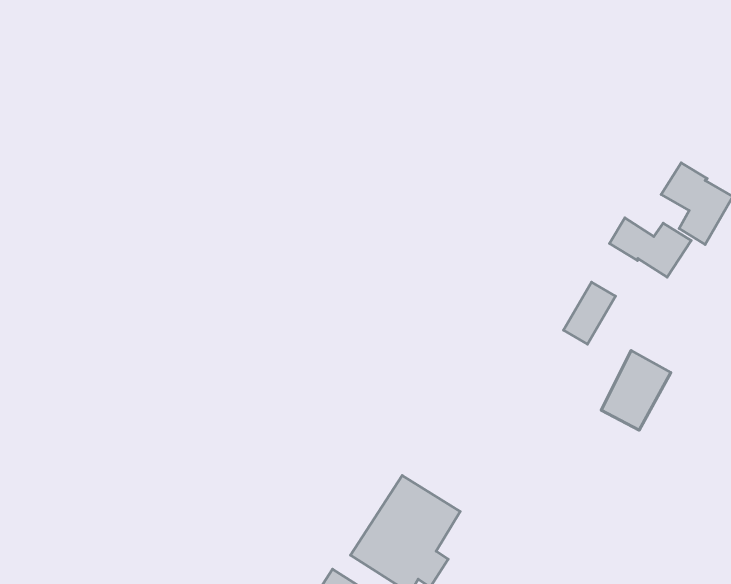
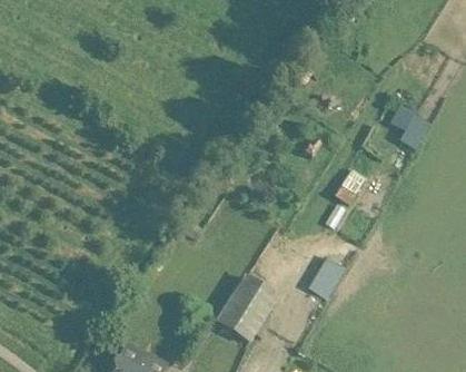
building: [609,218,691,277] -> none
building: [601,350,671,430] -> [306,252,345,296]

